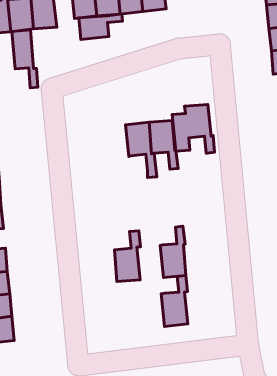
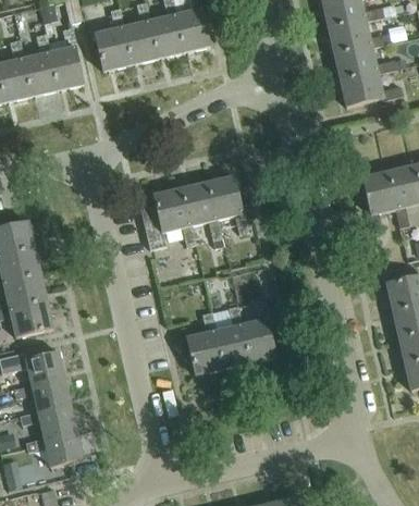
building: [79,14,123,39] -> none
building: [12,30,38,88] -> none
building: [172,104,215,153] -> [139,188,195,248]
building: [161,276,188,326] -> [211,306,247,369]

